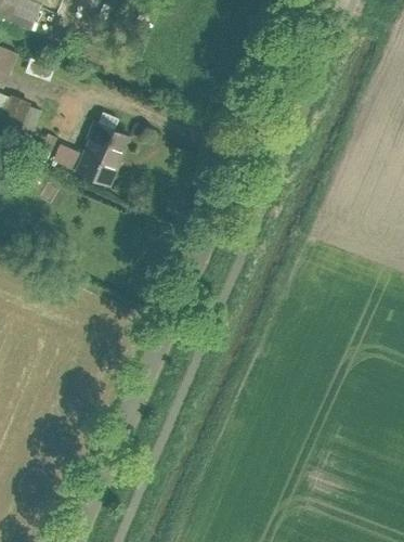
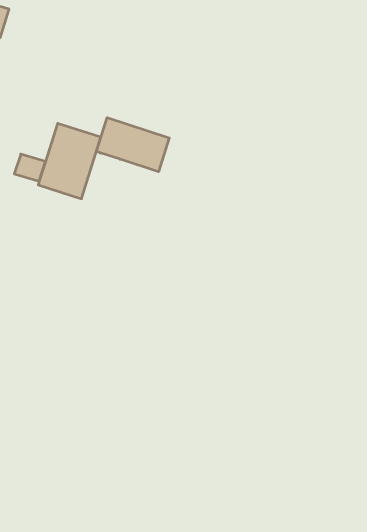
building: none -> [96,118,169,172]

